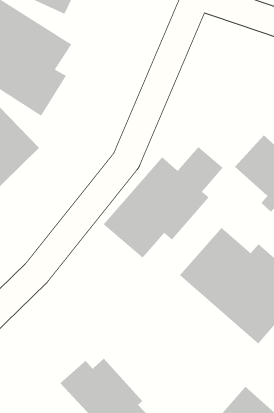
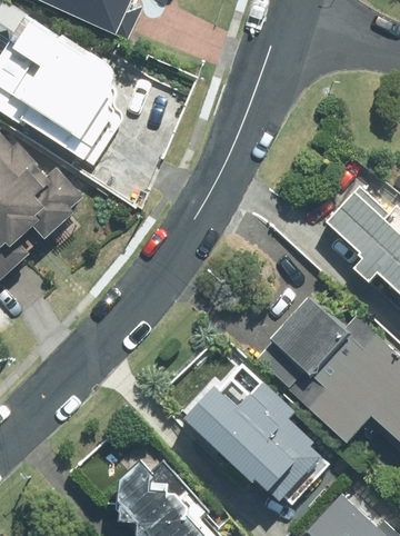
building: [103,146,224,259] -> none
building: none -> [184,383,324,505]

